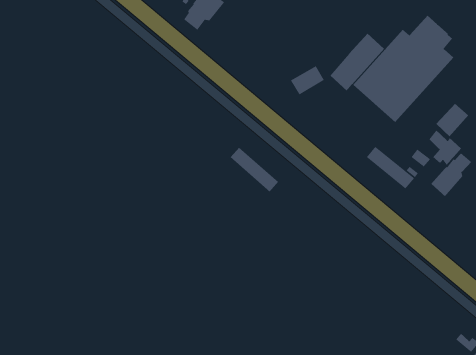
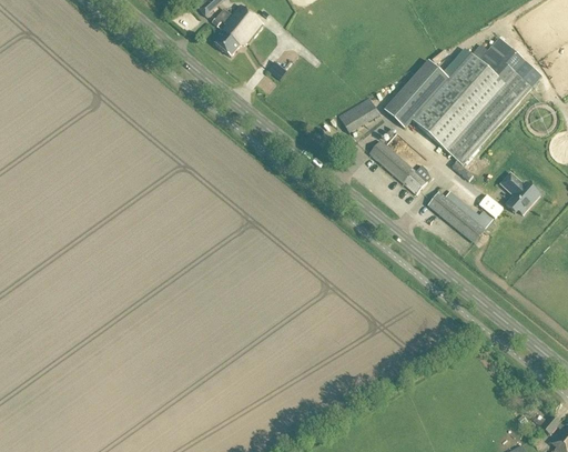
building: [436,103,469,137] -> none
building: [230,147,279,192] -> [369,141,427,194]
building: [430,152,472,197] -> none

